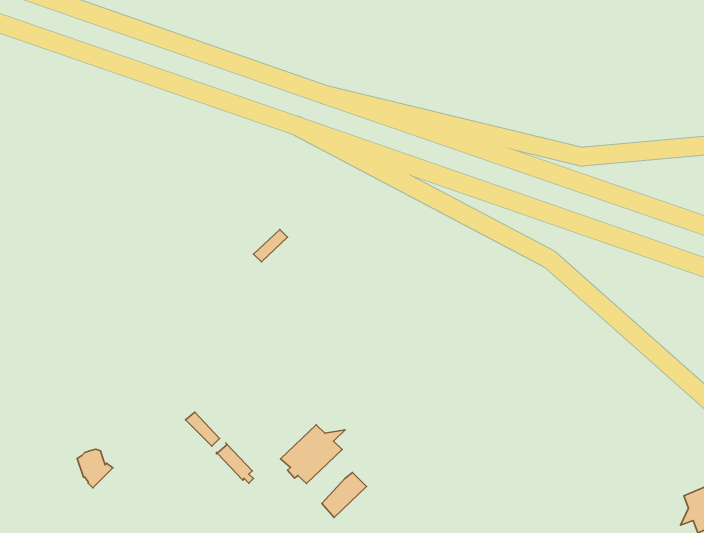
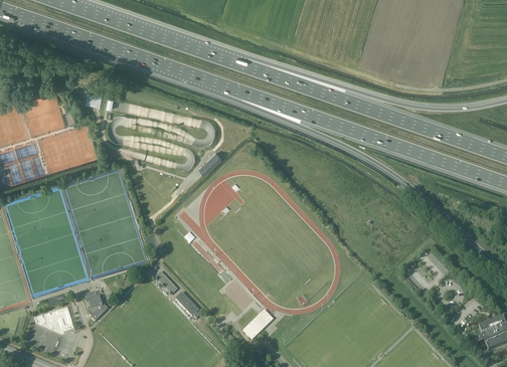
building: [281,425,345,484] -> none

